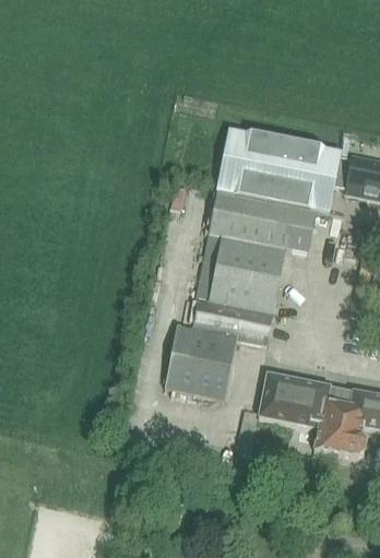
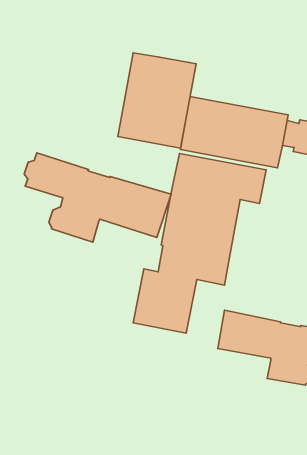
building: none -> [118,53,196,148]
building: none -> [24,153,171,242]

